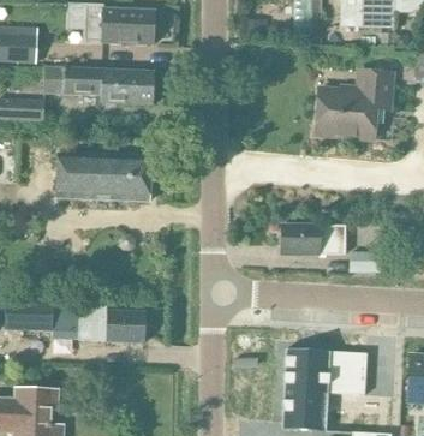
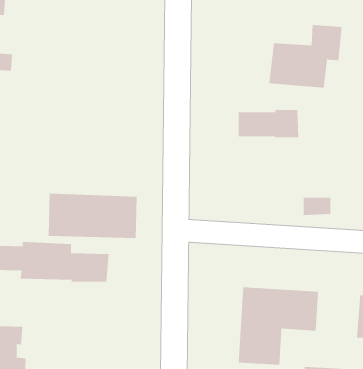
building: [43,68,155,104] -> none
building: [58,153,153,201] -> [48,193,138,238]
building: [281,223,346,253] -> [238,110,299,138]

